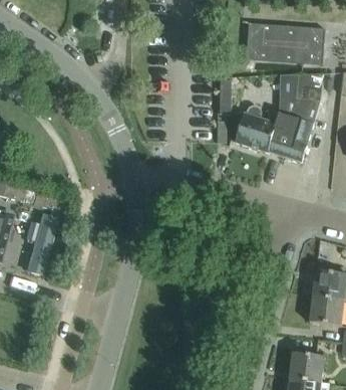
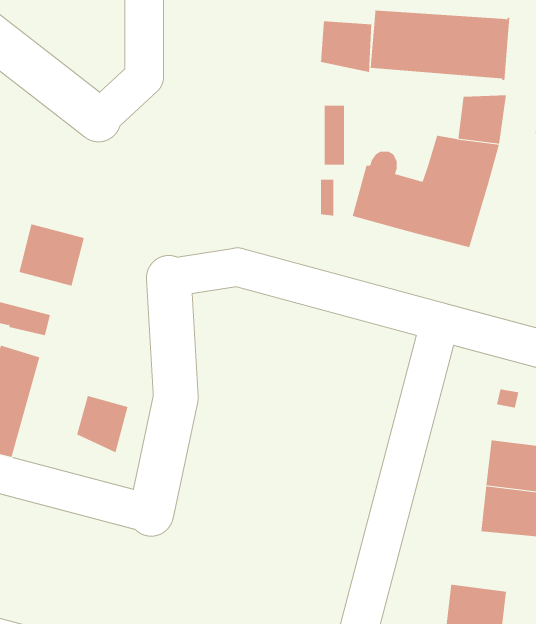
building: none -> [321,20,372,73]
building: none -> [19,223,84,286]
building: none -> [76,395,128,453]

